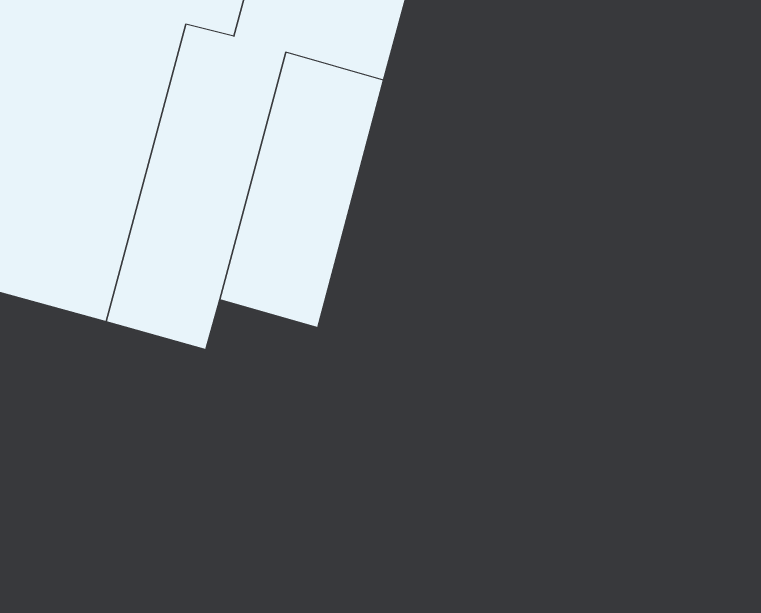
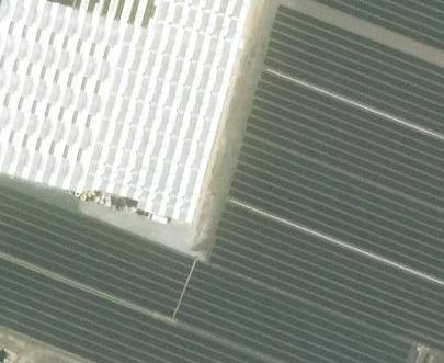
building: none -> [136,174,197,216]

